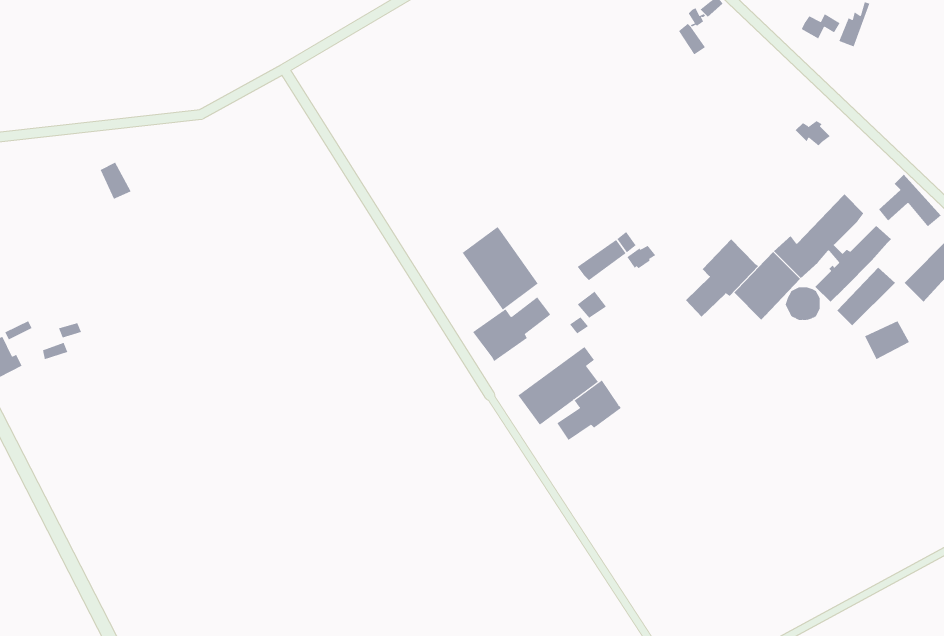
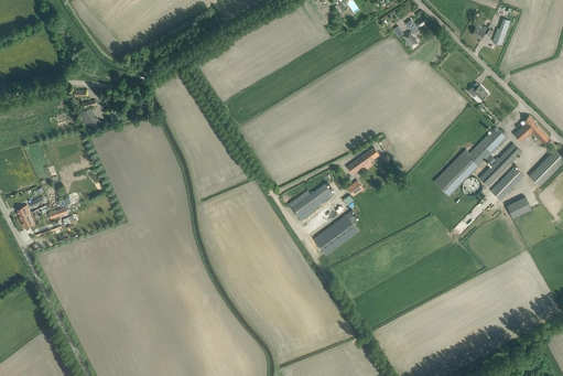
building: [462,226,538,311] -> none
building: [685,238,759,317] -> none
building: [556,380,622,441] -> none

